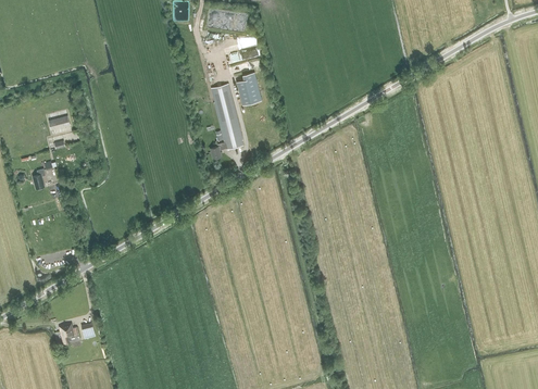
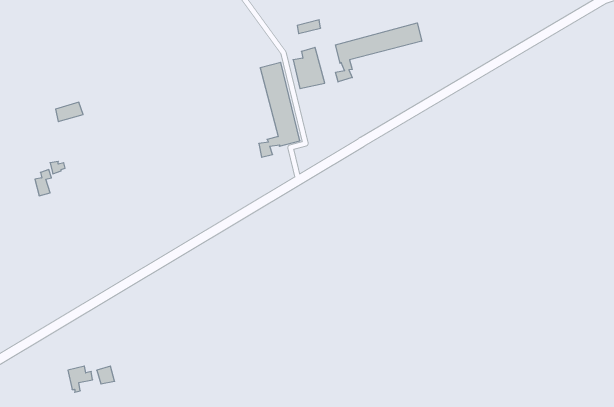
building: none -> [336,23,422,82]

